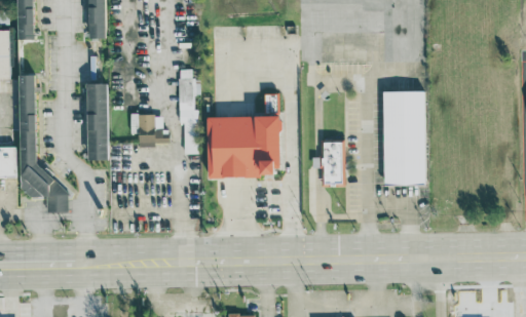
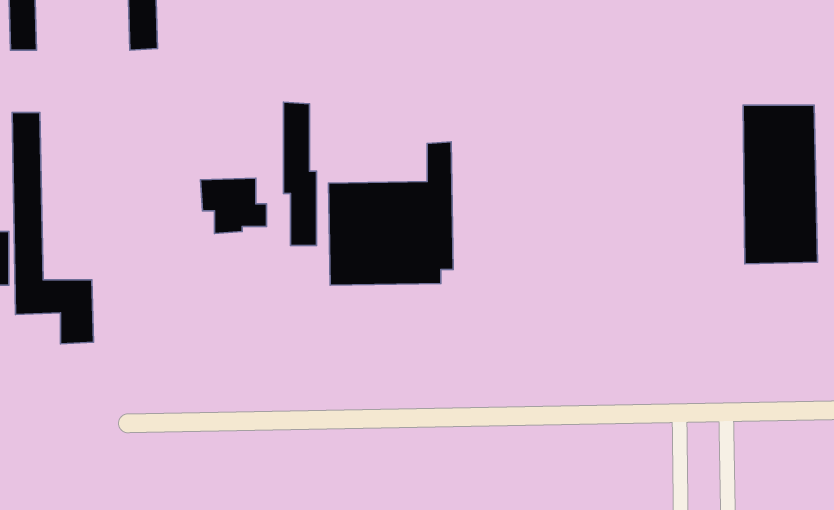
building: [86,83,108,160] -> none
building: [383,91,427,186] -> [743,105,817,264]
building: [312,142,346,184] -> none

